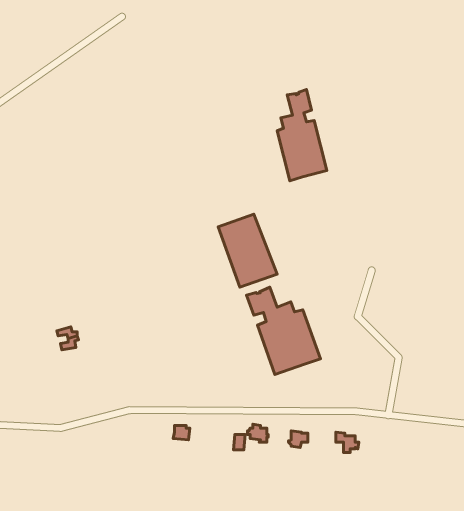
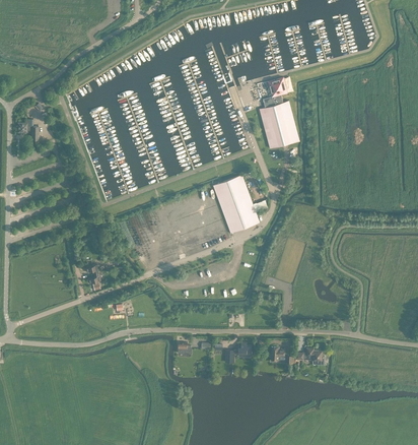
building: [246,287,320,374] -> none

